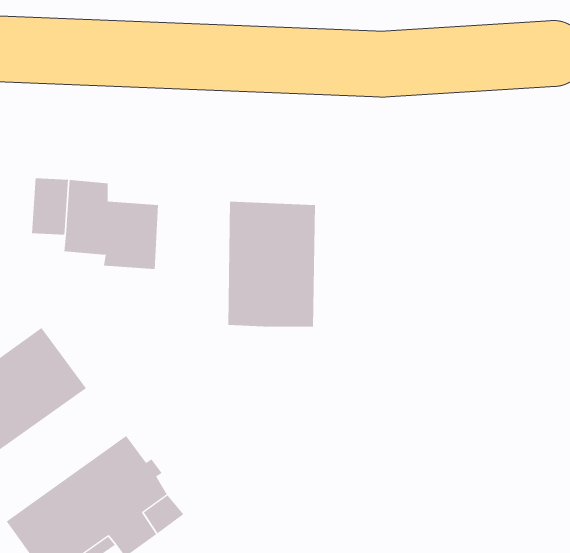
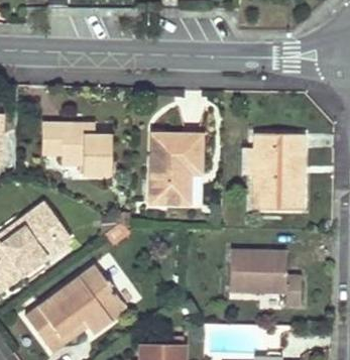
building: none -> [242,133,305,210]
building: none -> [231,251,304,308]

